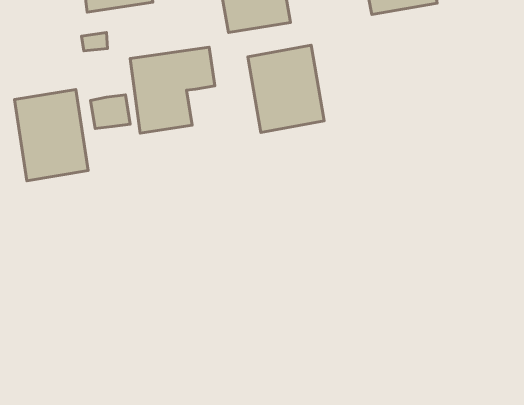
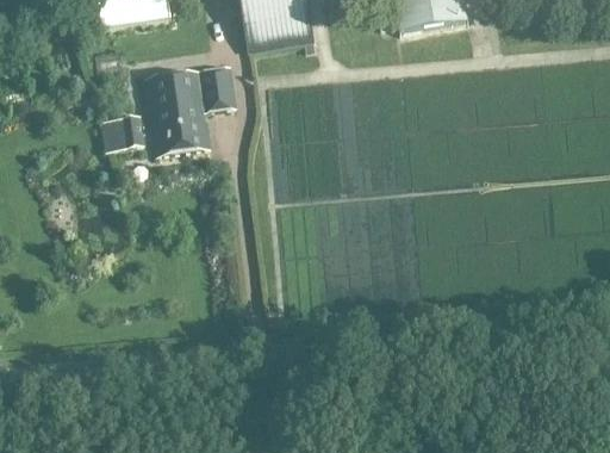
building: [248,45,324,133] -> none
building: [14,89,88,181] -> none

